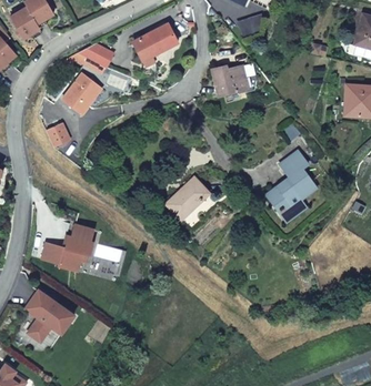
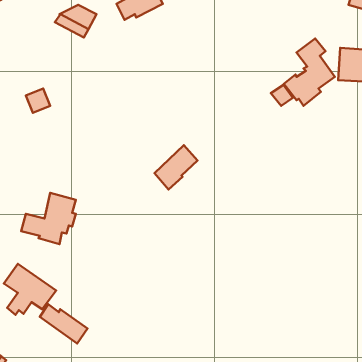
building: [213,64,250,95] -> none
building: [62,73,101,114] -> none
building: [268,151,317,215] -> [284,38,335,106]
building: none -> [40,304,88,343]

